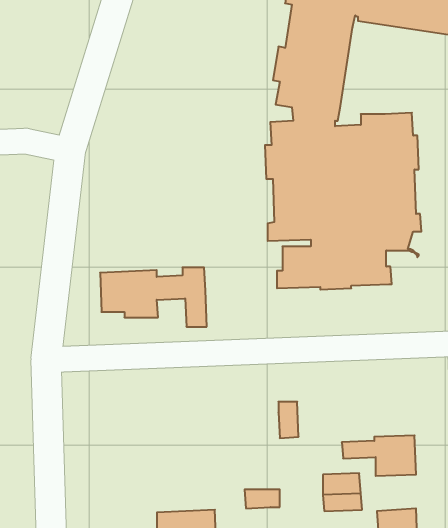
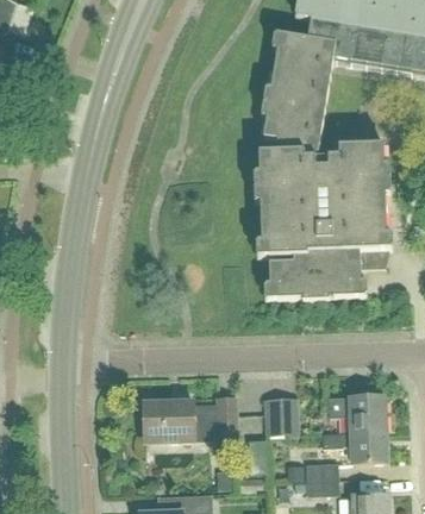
building: [100,267,207,327] -> [144,397,238,450]
building: none -> [327,395,386,430]

